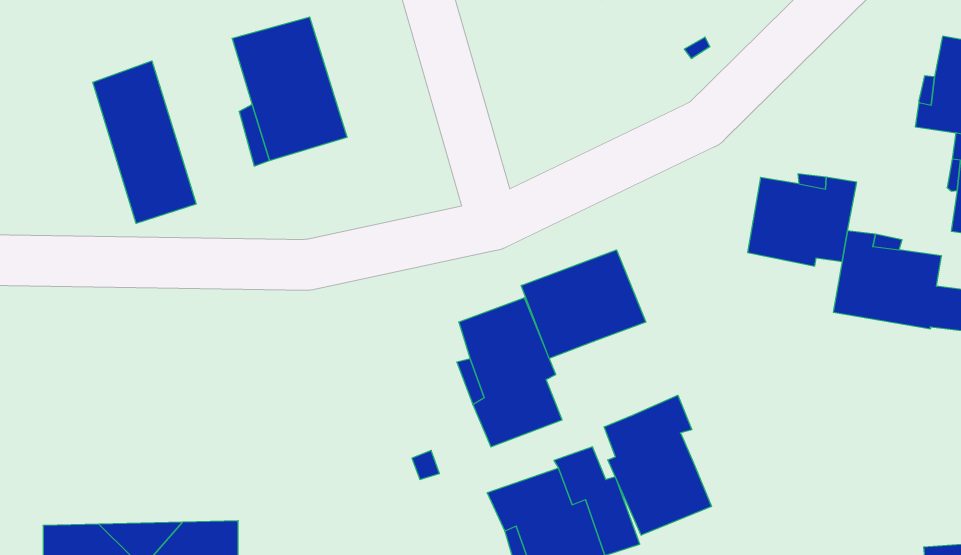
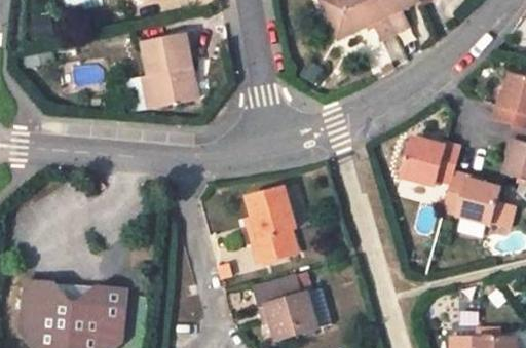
building: [93,61,196,223] -> none
building: [521,250,646,358] -> none
building: [604,395,711,535] -> none

